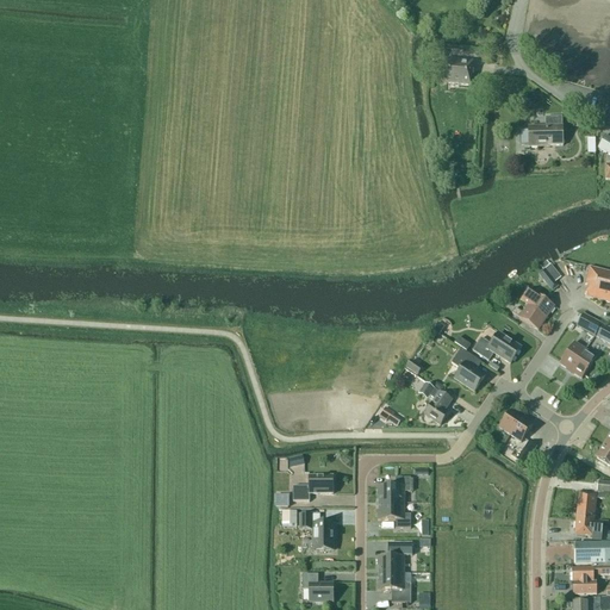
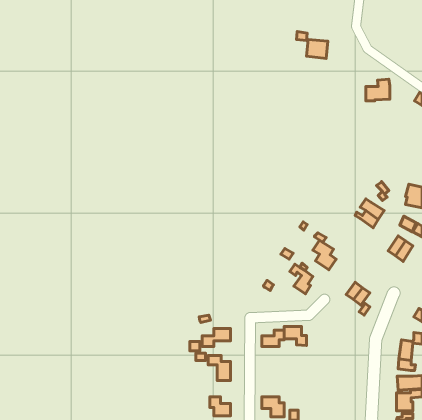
building: [473,331,521,362] -> none
building: [378,500,410,528] -> [284,327,306,346]
building: [378,547,410,573] -> none

